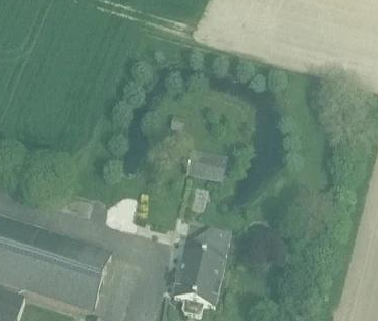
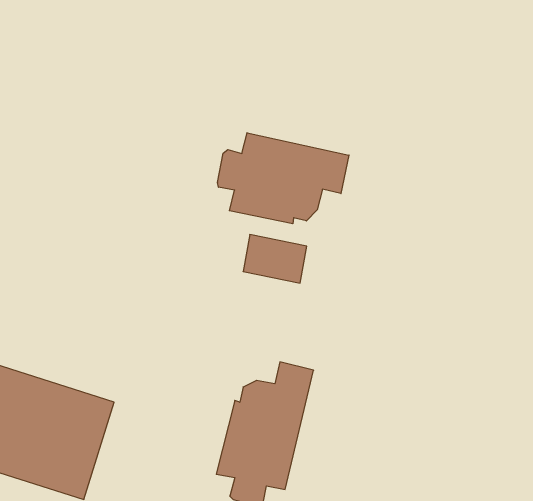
building: none -> [218,133,349,224]

